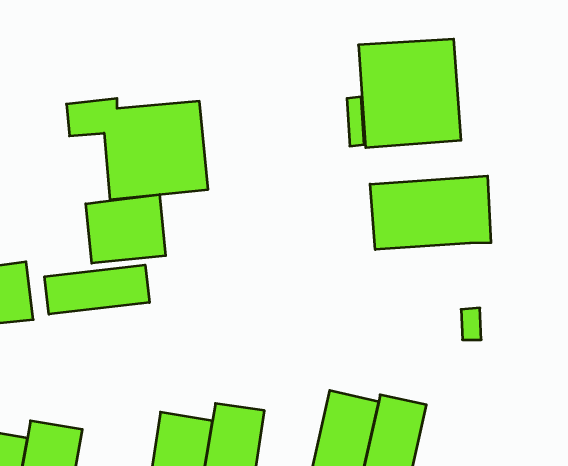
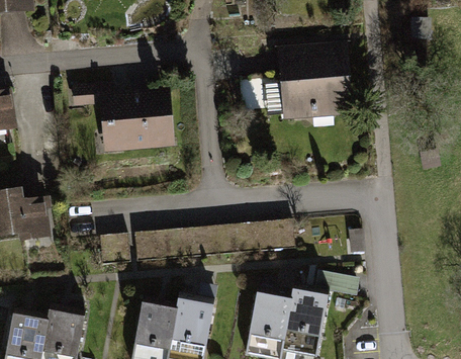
building: [370,176,491,250] -> none
building: [86,194,166,263] -> none
building: [45,265,149,314] -> none

